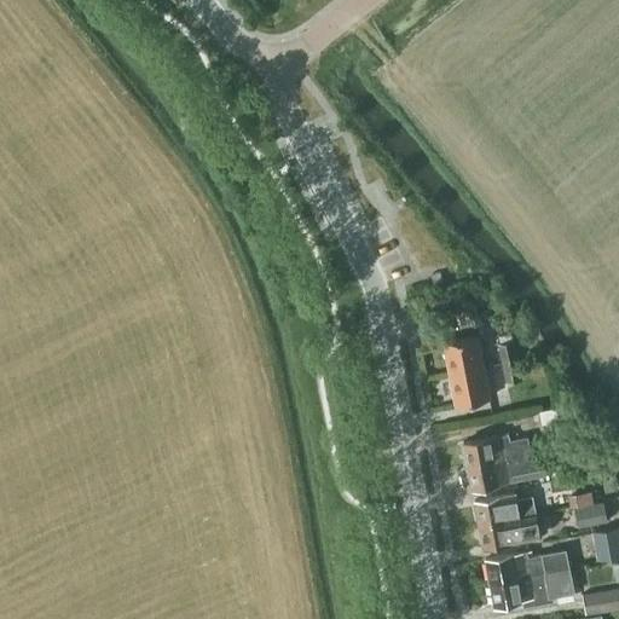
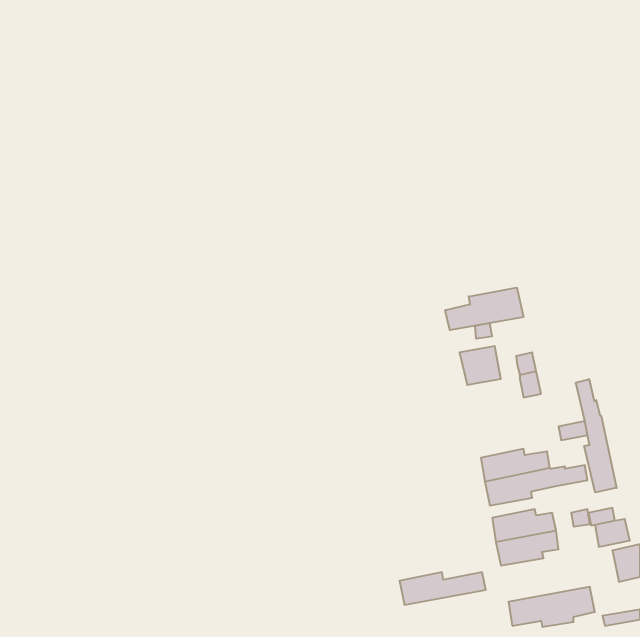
building: none -> [445,288,523,330]
building: [451,369,490,406] -> none
building: none -> [576,379,617,492]
building: [486,553,569,584] -> [399,572,486,605]

